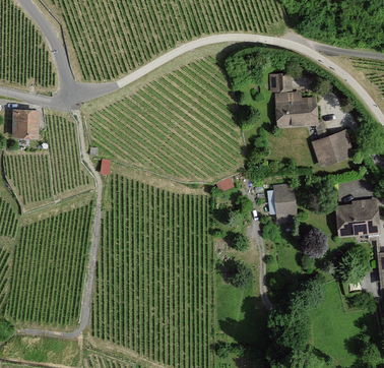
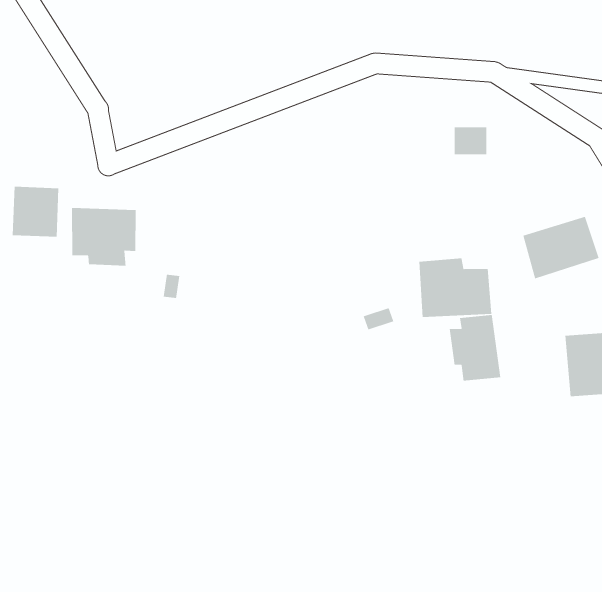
building: [274,93,317,127] -> [418,258,492,318]
building: none -> [72,207,136,267]

